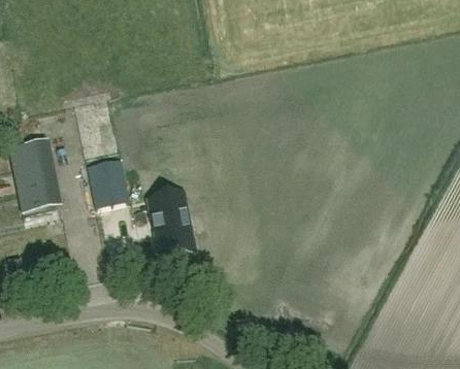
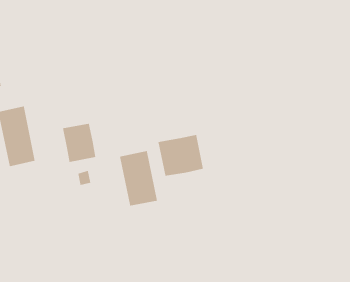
building: none -> [158,134,204,177]

